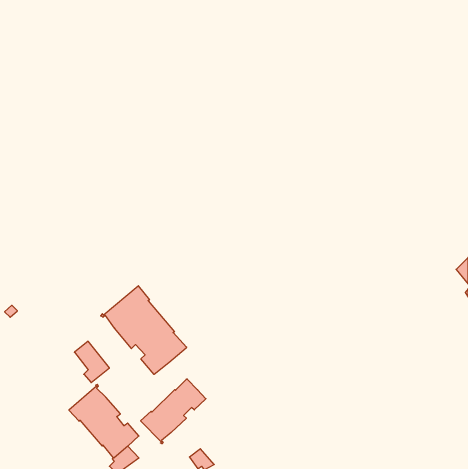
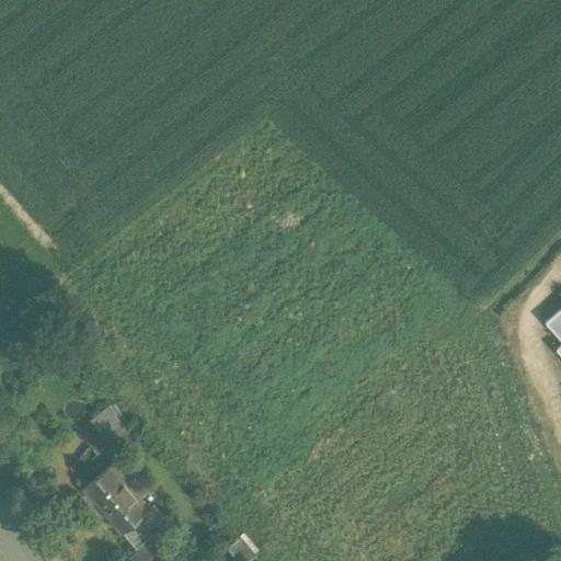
building: [101,286,187,374] -> none
building: [141,379,206,444] -> none

